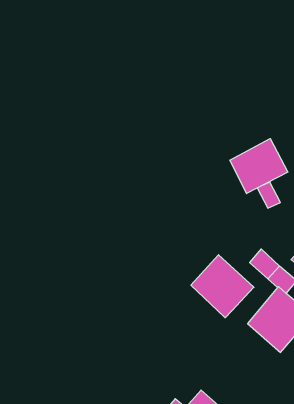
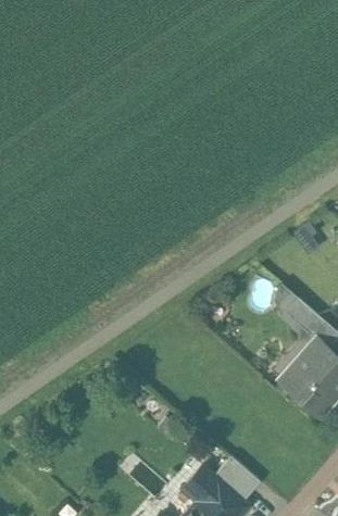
building: [230,139,288,194] -> none
building: [191,255,254,318] -> none

